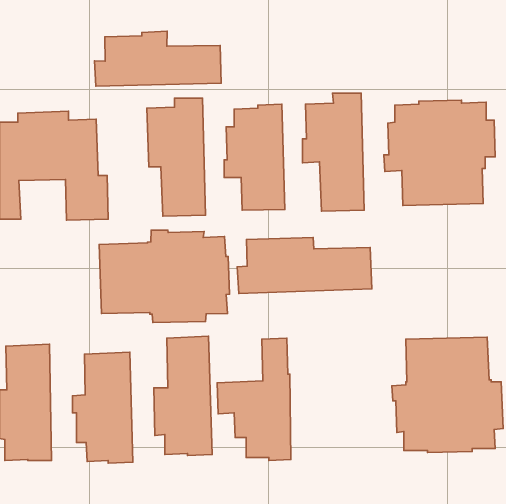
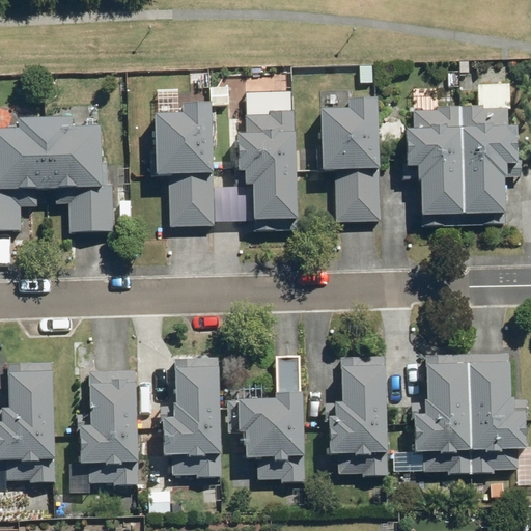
building: [94,31,221,86] -> none
building: [99,230,230,323] -> none
building: [237,237,372,293] -> none
building: none -> [325,356,388,475]

